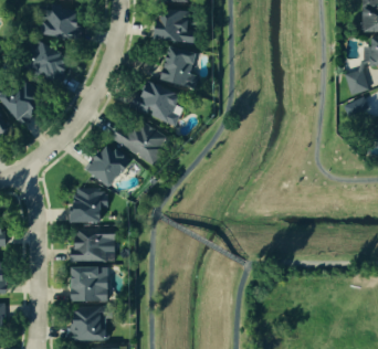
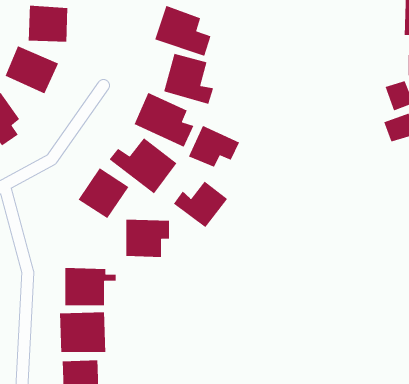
building: none -> [188,125,240,168]
building: none -> [173,181,228,228]
building: [71,190,108,223] -> [126,219,170,258]

